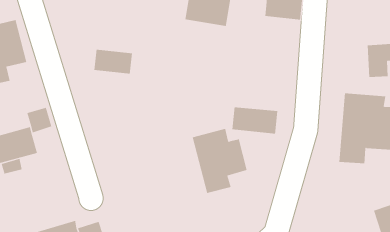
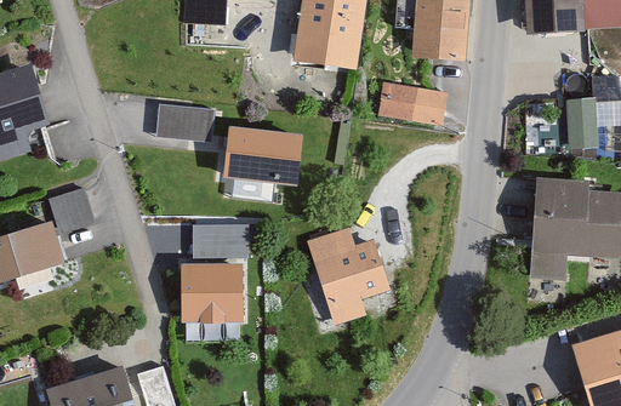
building: none -> [224,126,303,187]
building: [232,107,278,134] -> [376,81,446,122]
building: none -> [180,231,245,324]

